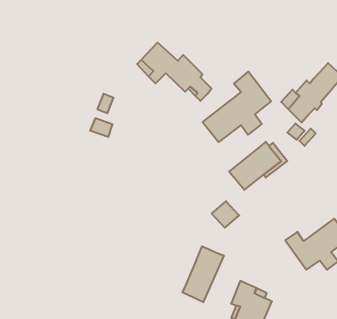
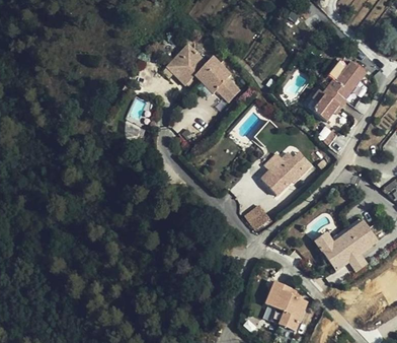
building: [203,72,271,142] -> none
building: [183,246,224,302] -> none

